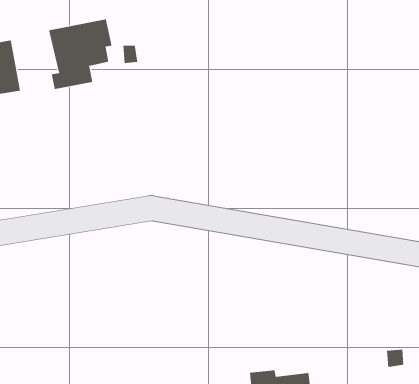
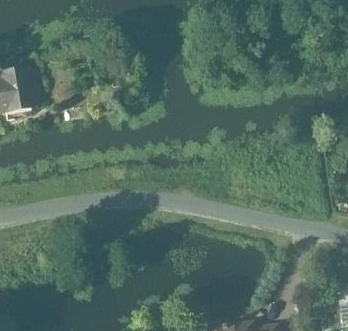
building: [49,18,112,90] -> none

